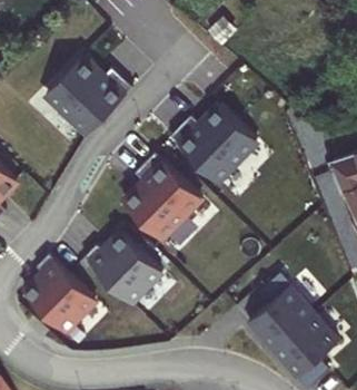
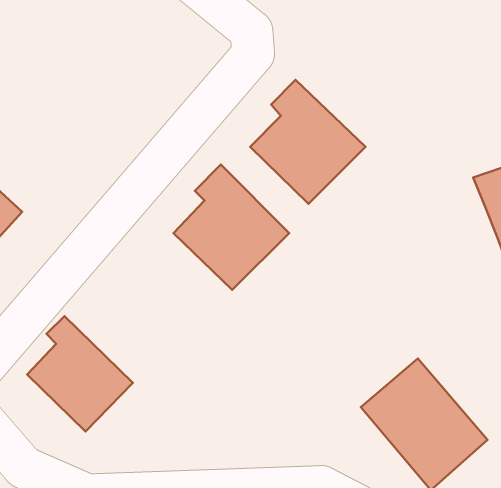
building: [47,57,125,134] -> none
building: [85,232,163,304] -> none

